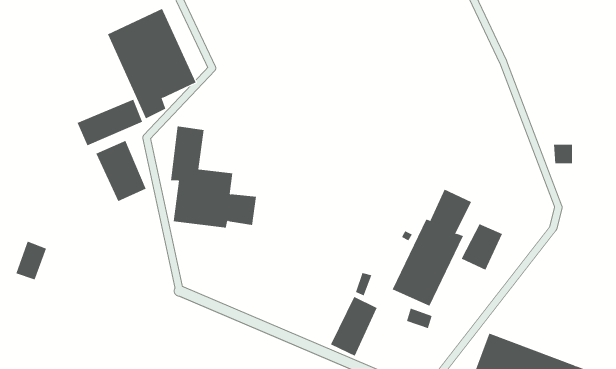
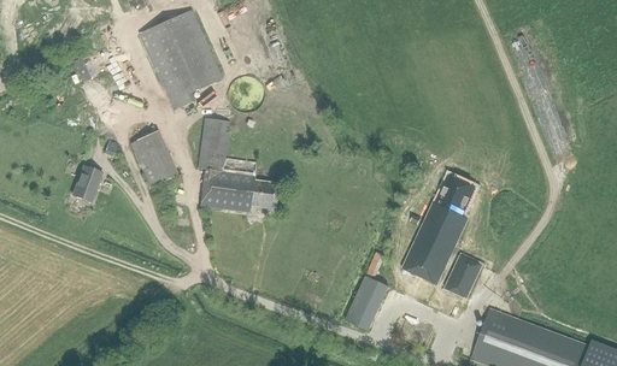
building: [77,99,143,146] -> none
building: [461,224,503,271] -> [443,254,482,297]
building: [15,241,47,280] -> [72,165,101,201]

